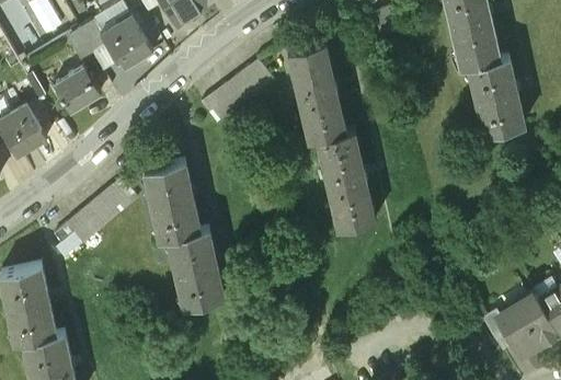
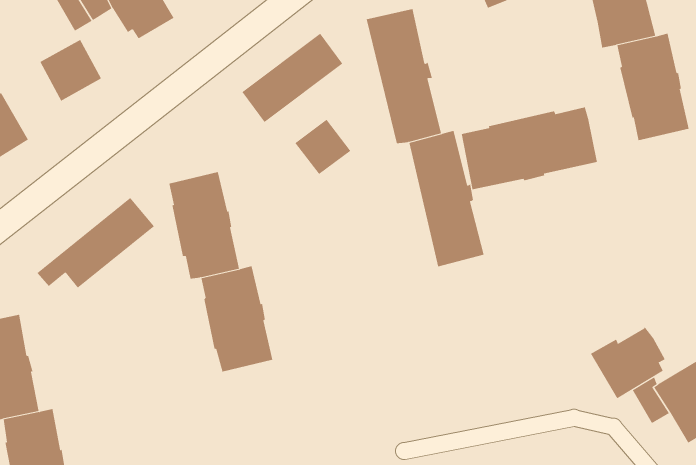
building: none -> [461,107,598,190]
building: none -> [295,119,351,175]
building: none -> [590,326,666,399]

